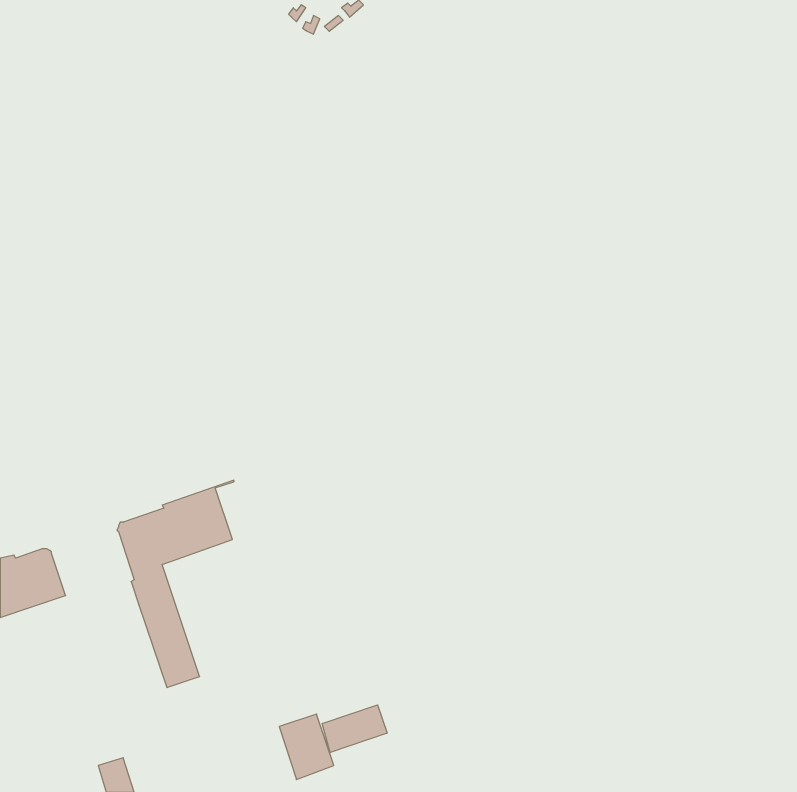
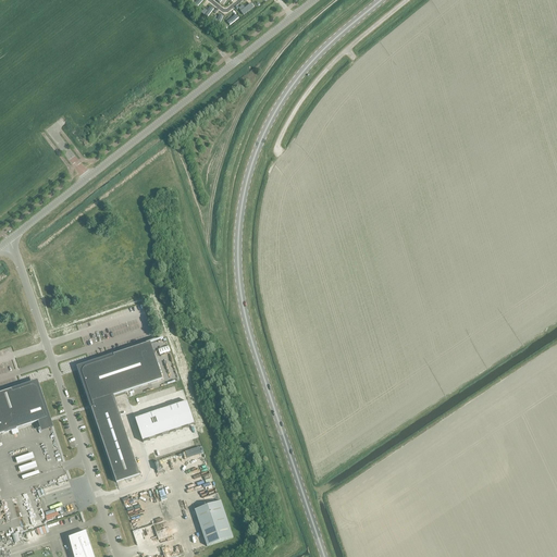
building: none -> [135,399,195,440]
building: [322,705,387,753] -> none

